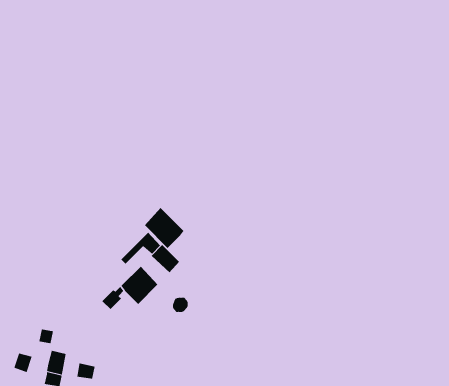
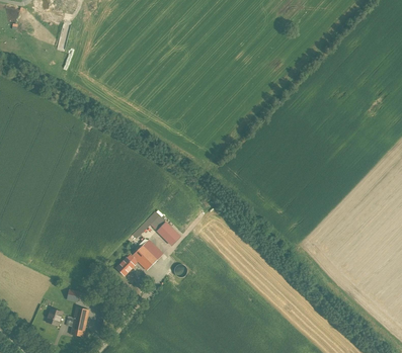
building: [144,207,184,249] -> none

